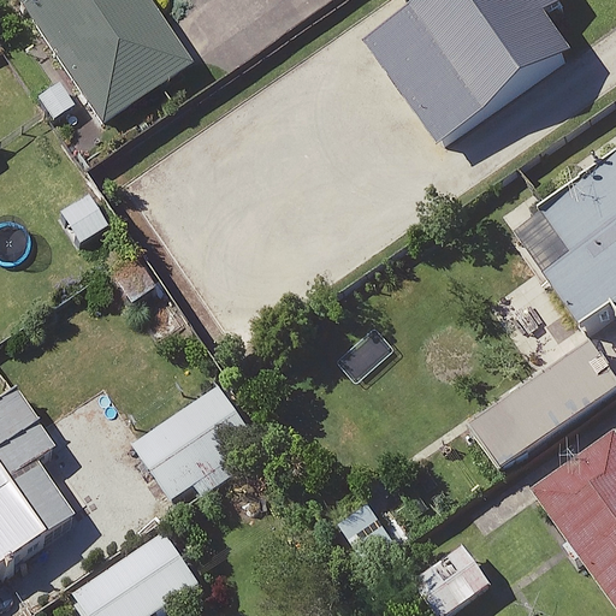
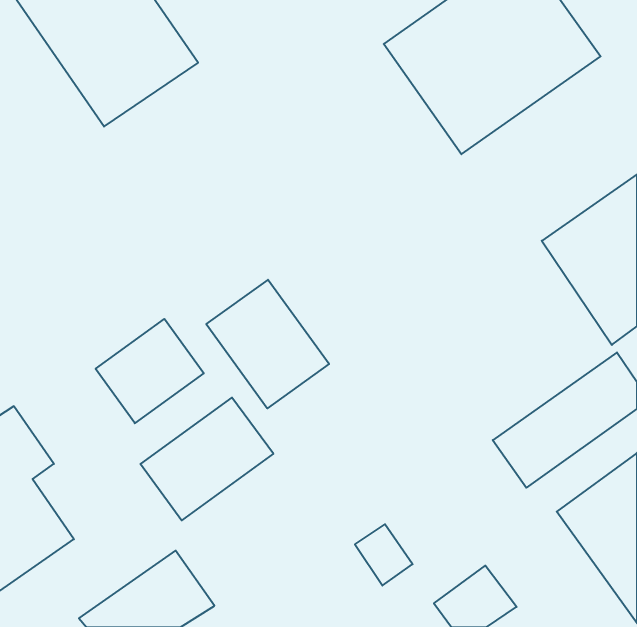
building: none -> [206,280,329,408]
building: none -> [96,319,204,423]

